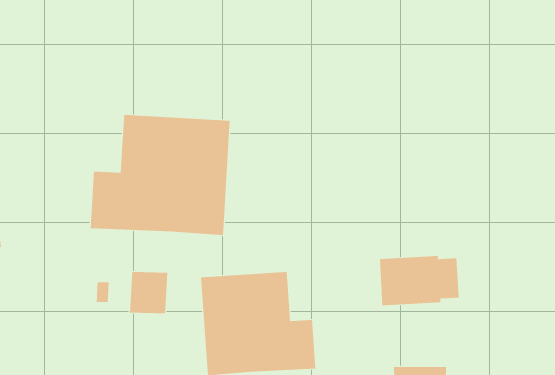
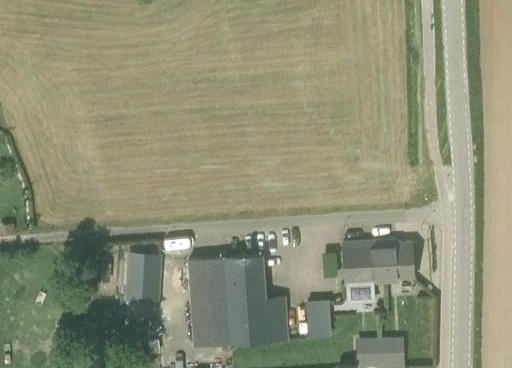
building: [90,114,230,236] -> none
building: none -> [308,300,332,336]

